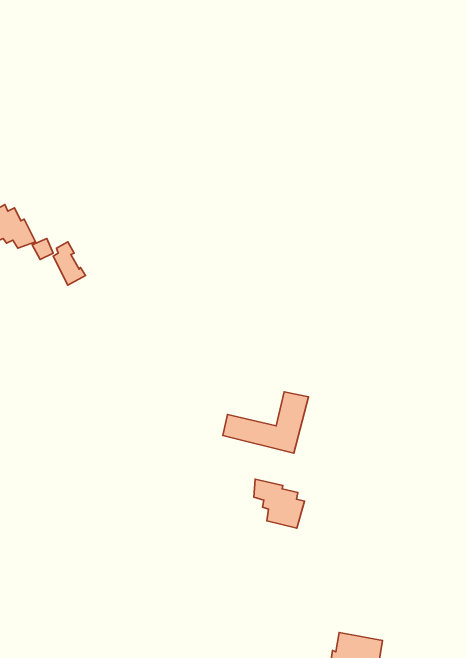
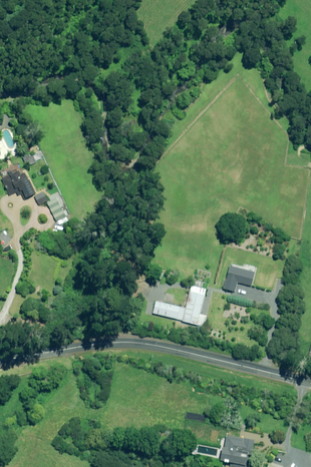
building: none -> [224,265,255,292]
building: [254,479,304,528] -> none

